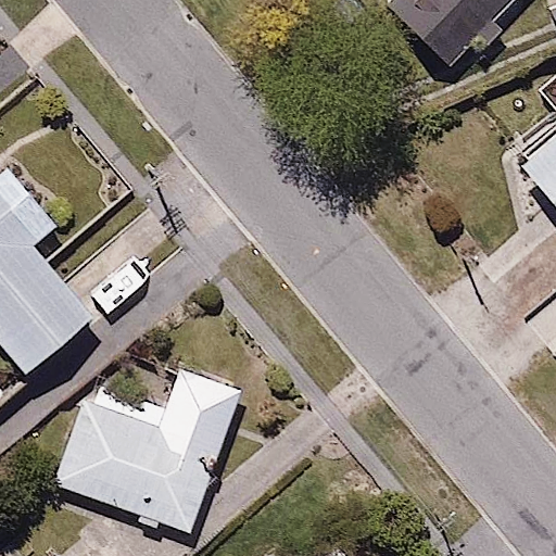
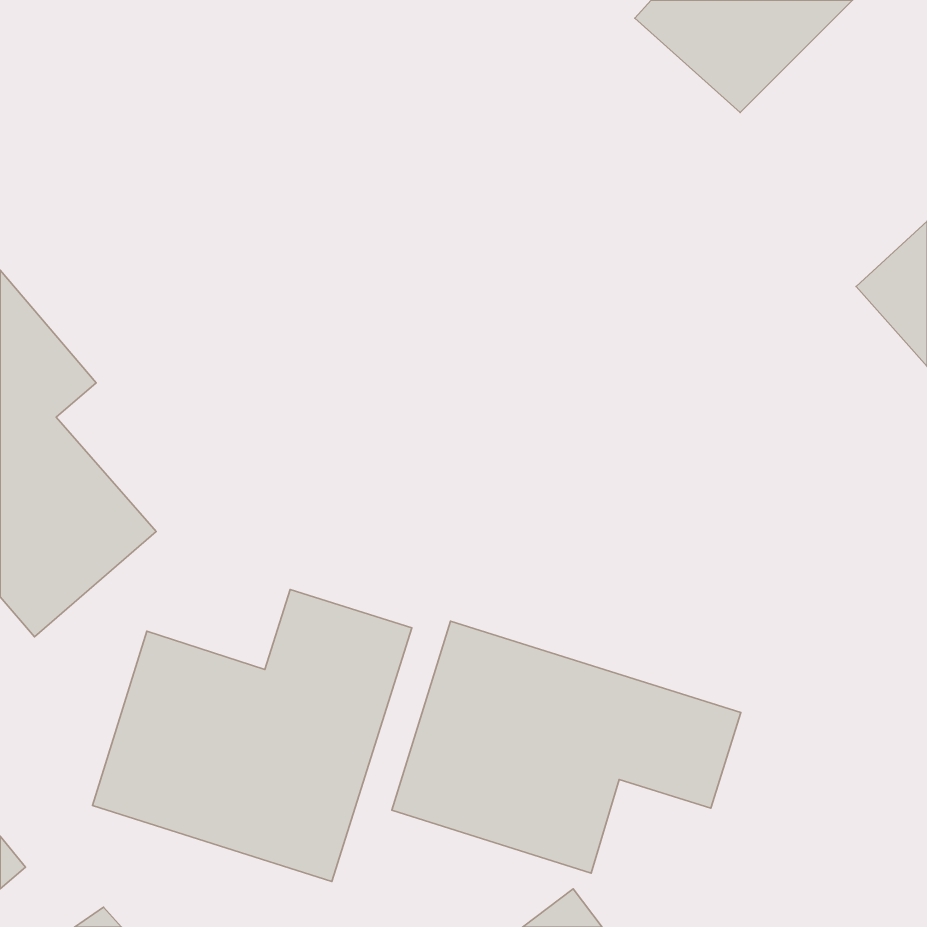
building: none -> [392,621,741,873]

